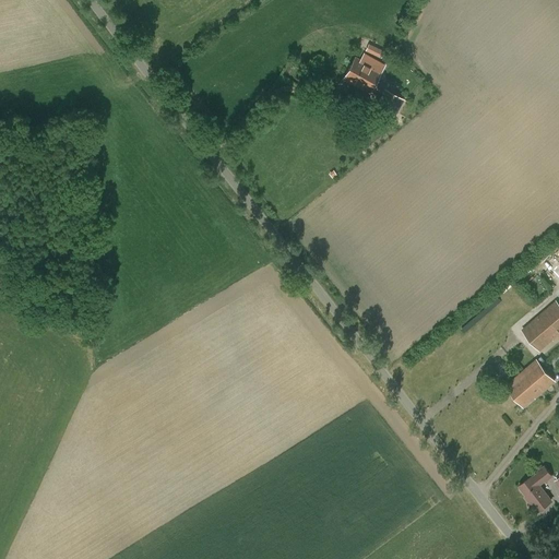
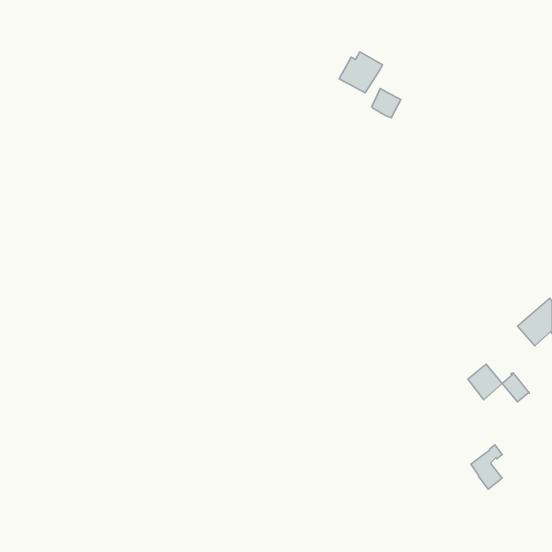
building: [519,361,554,397] -> [468,364,502,400]
building: [520,467,551,512] -> [471,445,502,489]

